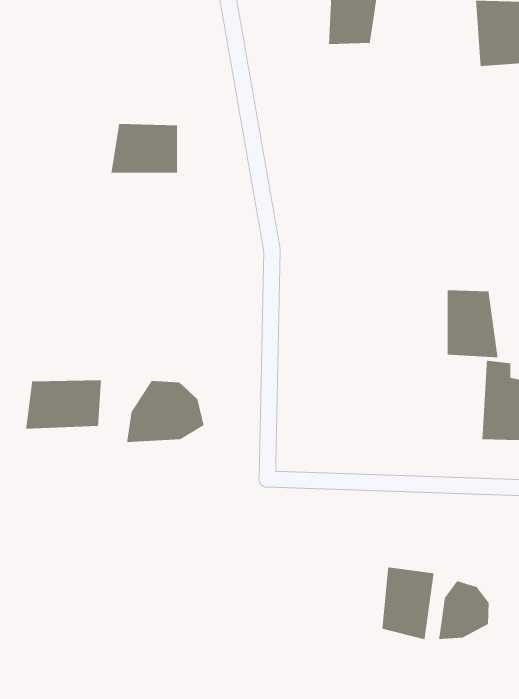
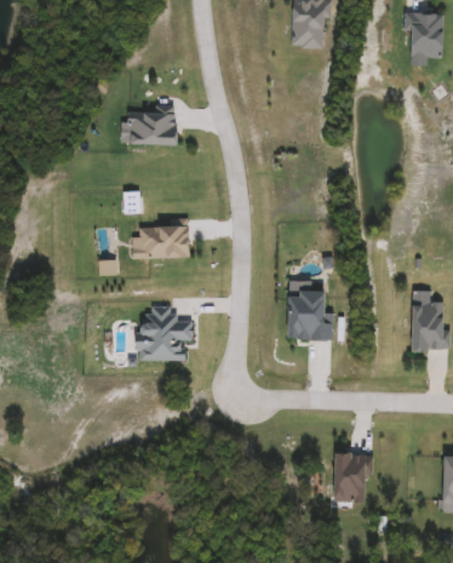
building: [447,289,498,358] -> [289,287,329,340]
building: [25,379,102,430] -> [132,223,191,262]
building: [438,580,490,640] -> none

